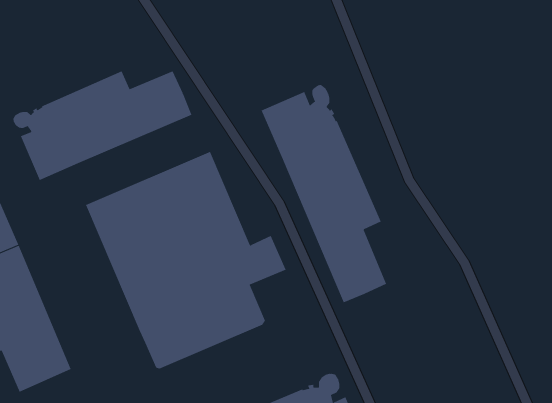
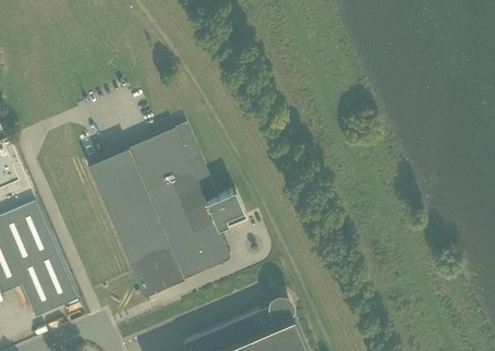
building: [13,70,192,181] -> none
building: [261,84,387,303] -> none

